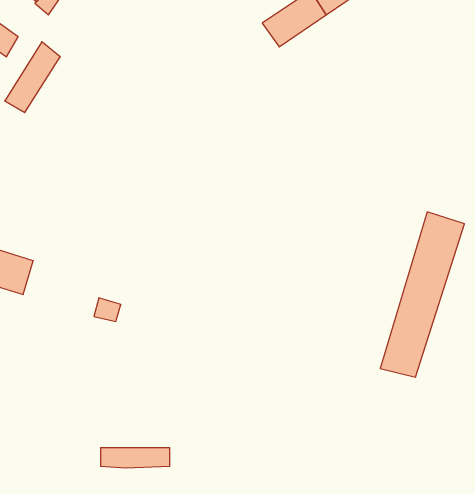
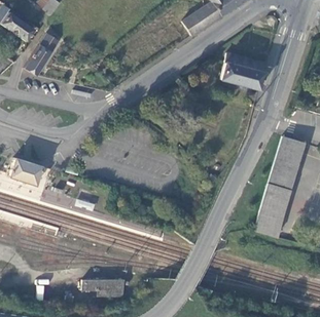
building: none -> [219,53,266,90]

